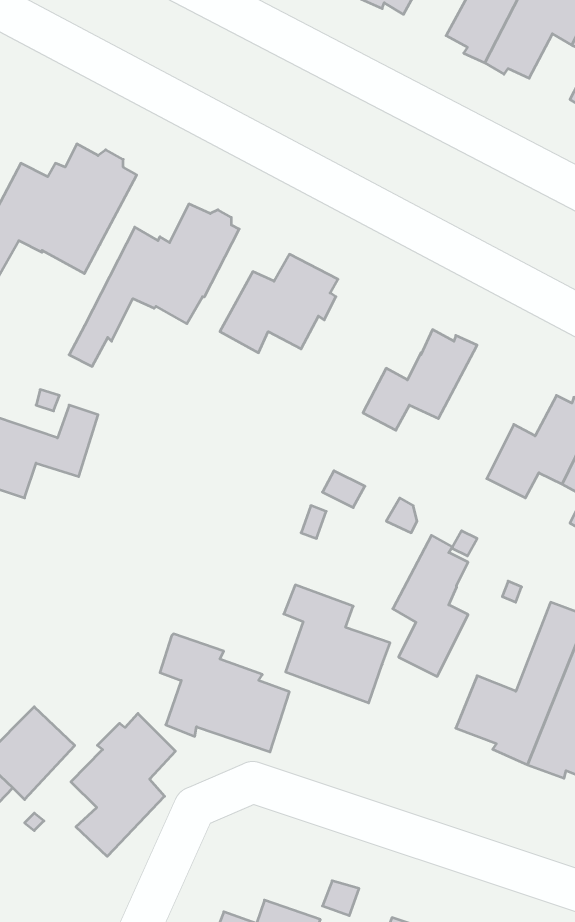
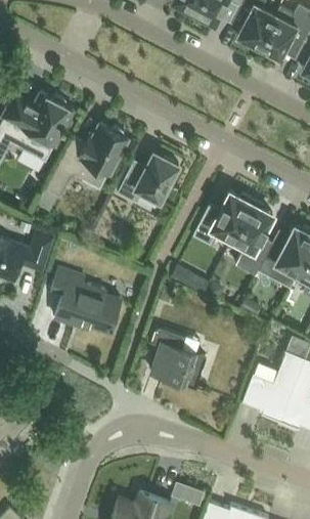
building: [393,535,468,676] -> [232,201,272,275]
building: [160,634,289,752] -> [51,270,120,333]
building: [71,713,175,856] -> none

